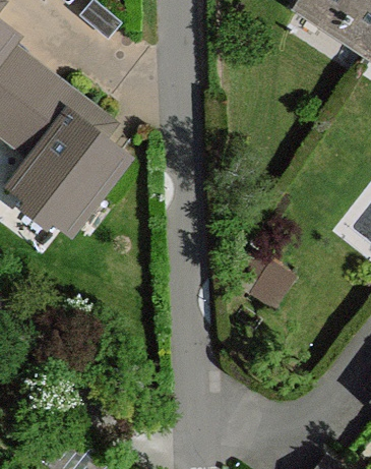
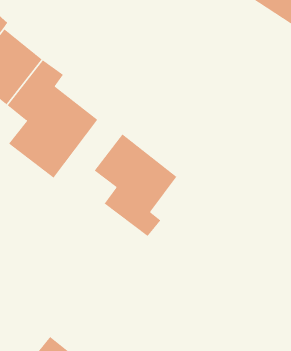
building: none -> [94,134,177,237]

